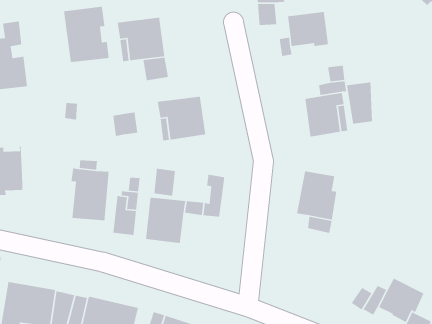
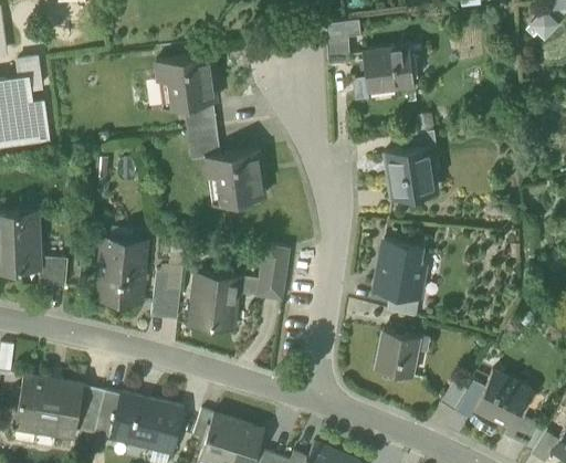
building: [63,6,110,63] -> none
building: [346,81,373,125] -> none
building: [113,111,138,137] -> [191,127,222,158]
building: [154,168,176,197] -> none
building: none -> [39,256,67,286]
building: none -> [376,330,418,376]

